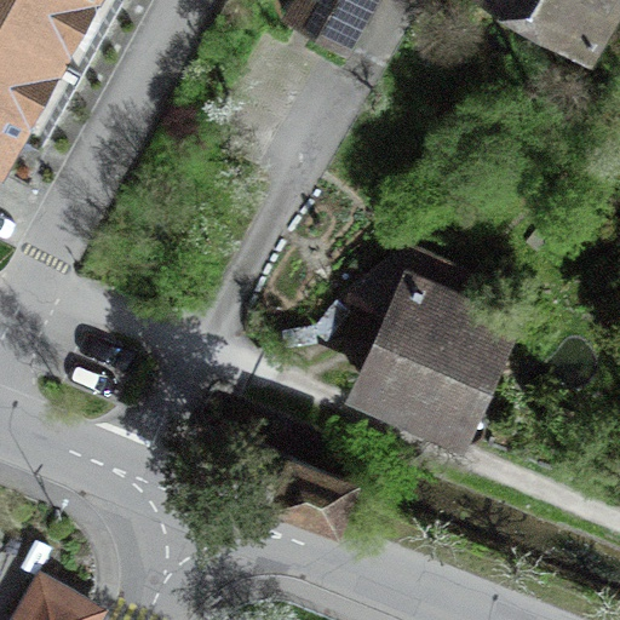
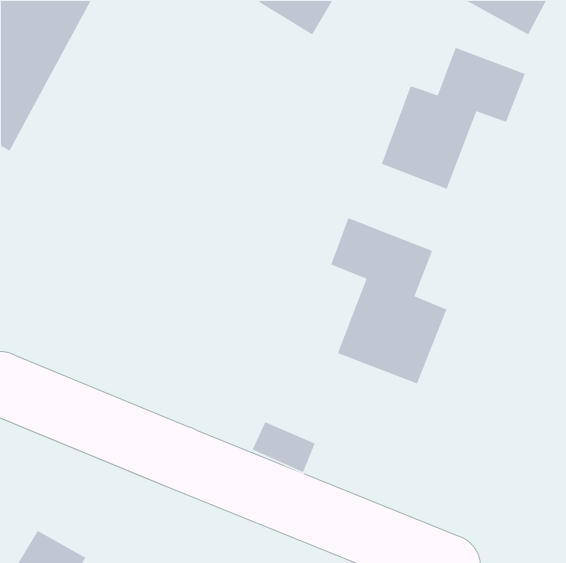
building: none -> [381,47,526,190]

